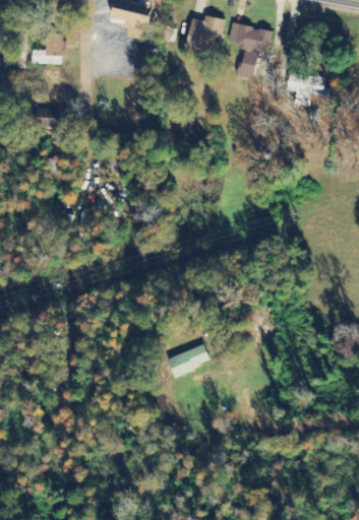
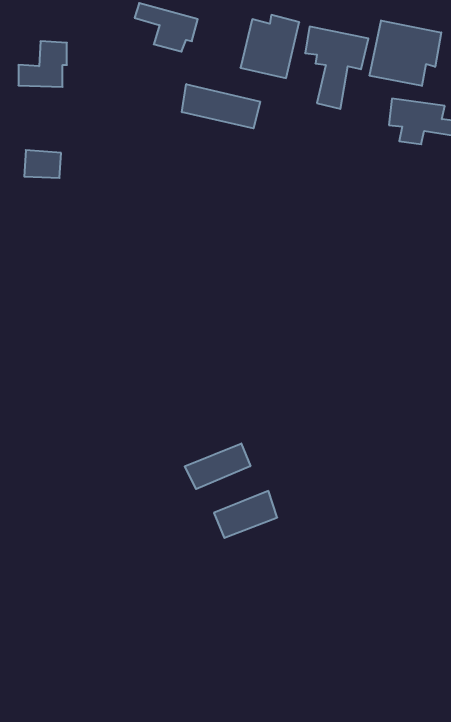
building: none -> [370,20,441,86]
building: none -> [182,84,260,128]
building: none -> [185,443,250,489]

